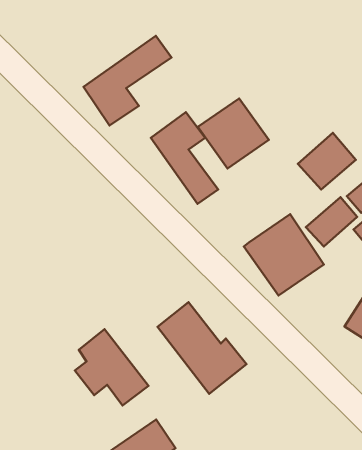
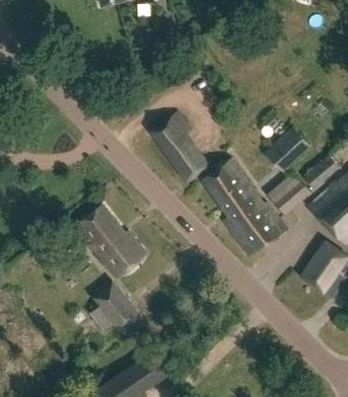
building: [84,36,172,125] -> none
building: [198,99,269,168] -> [204,158,260,213]
building: [157,302,246,394] -> [74,203,144,274]

